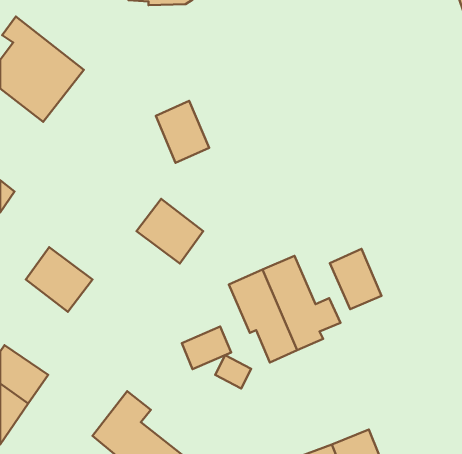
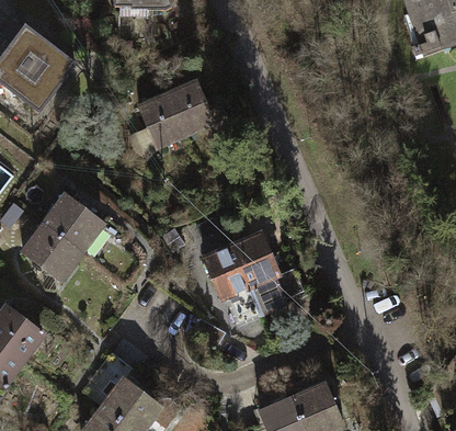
building: none -> [168,81,214,135]
building: [136,199,203,263] -> [44,194,103,251]
building: [330,249,382,309] -> none
building: [182,326,231,369] -> none

